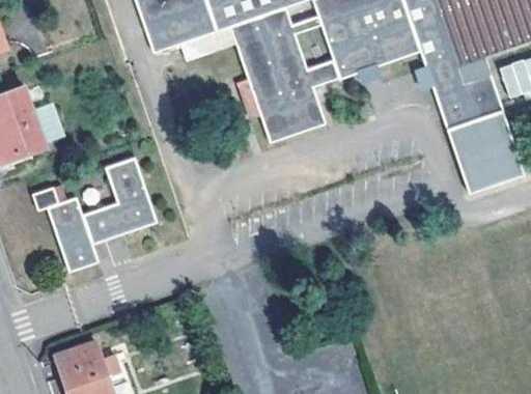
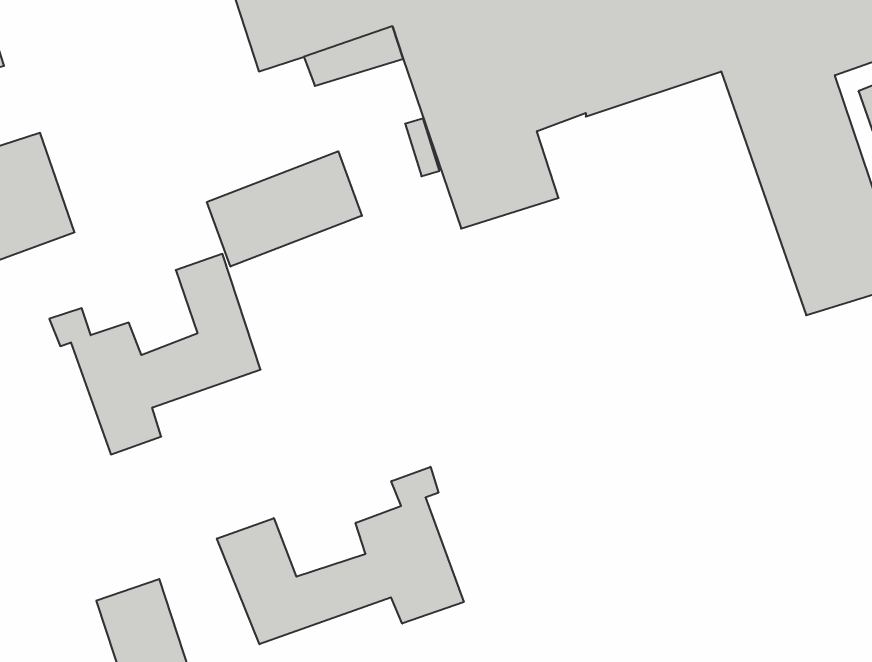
building: none -> [207,151,362,267]
building: none -> [217,467,464,644]

